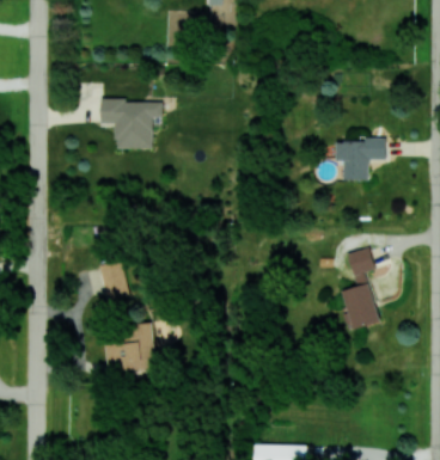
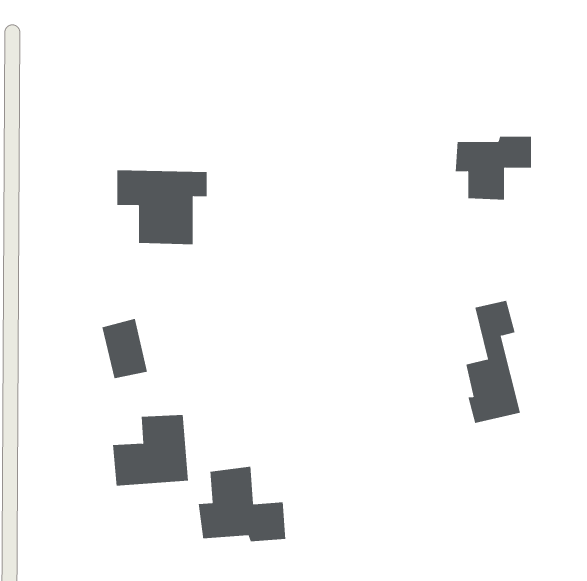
building: [102,99,163,149] -> [117,170,208,245]
building: none -> [198,466,286,542]

